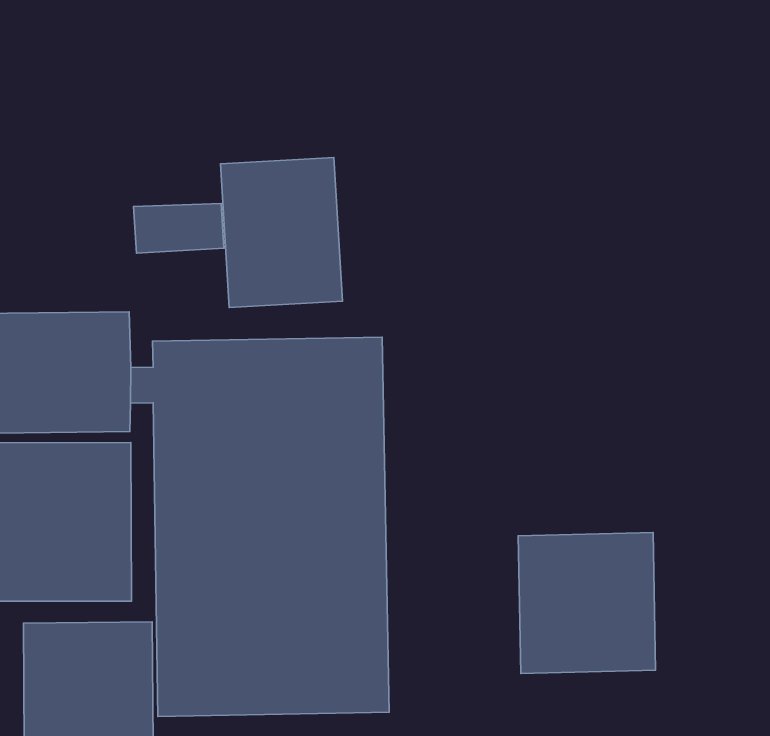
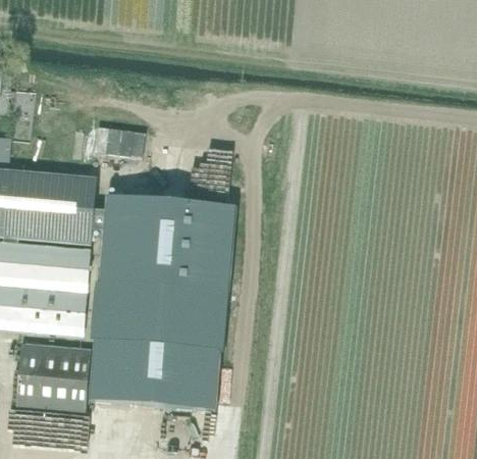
building: [221,157,342,308] -> none
building: [518,533,656,673] -> none

